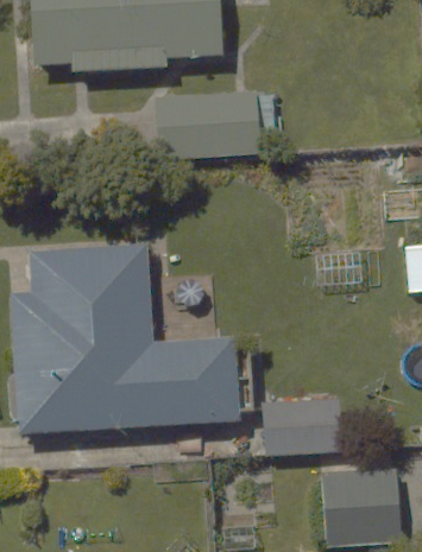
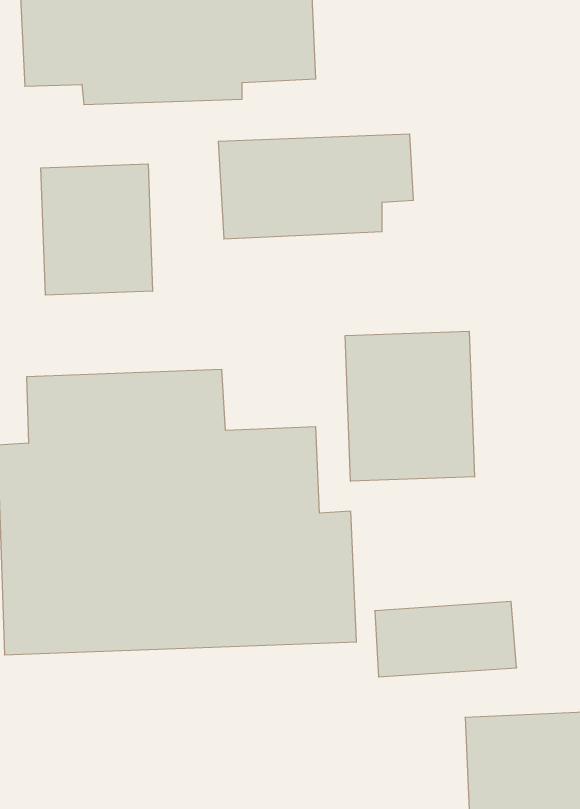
building: none -> [41,164,153,295]
building: none -> [345,331,475,481]

